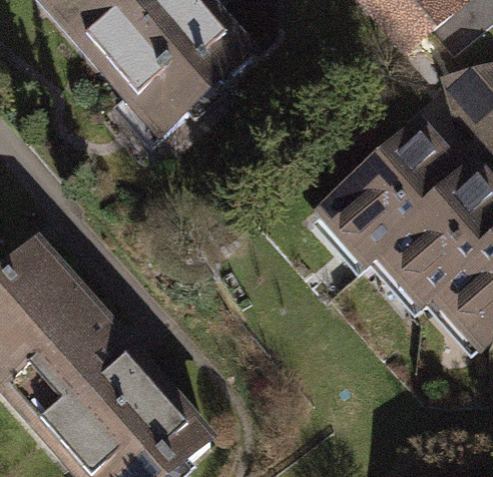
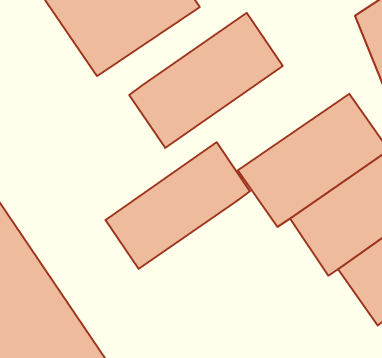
building: none -> [129,13,283,148]
building: none -> [105,142,250,269]

